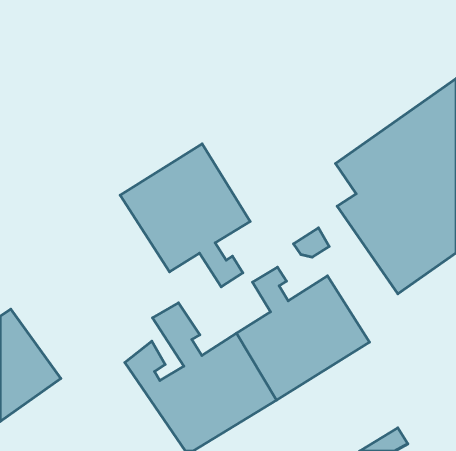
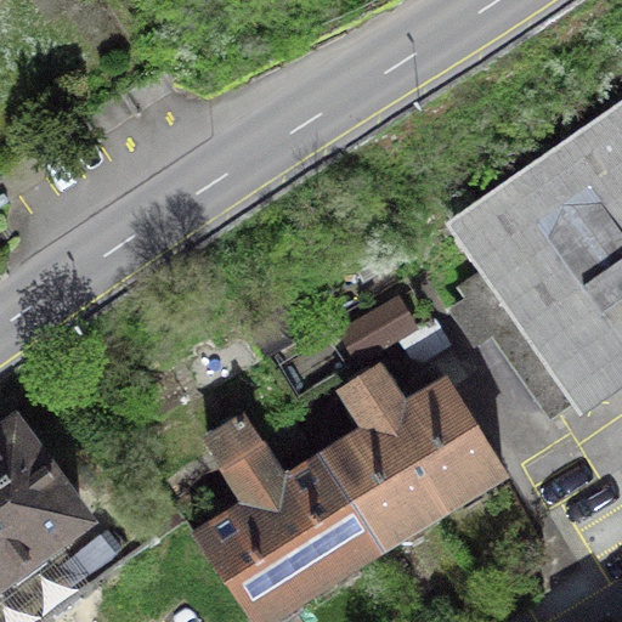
building: [120,144,250,287] -> none

